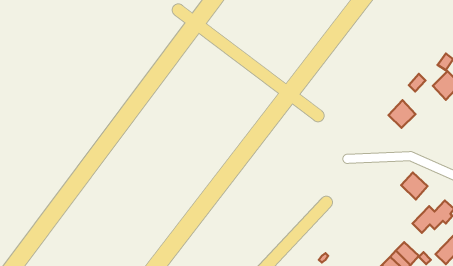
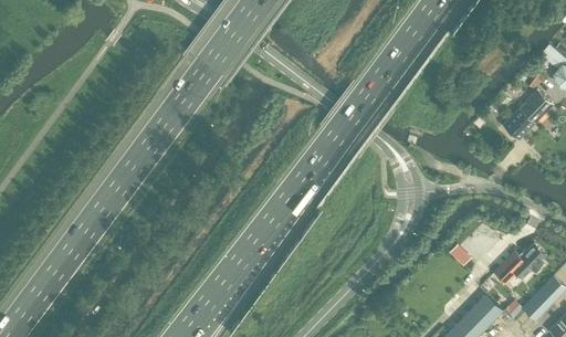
building: [389,100,415,128] -> [503,107,535,140]
building: [401,173,427,200] -> none

